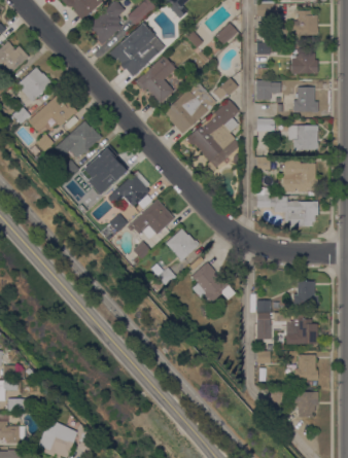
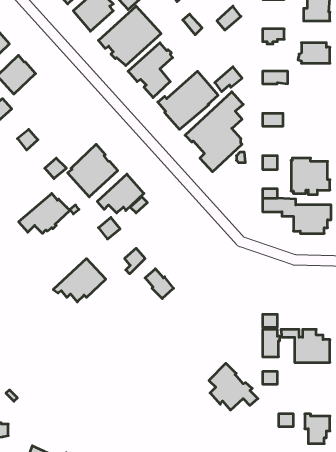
building: [294,86,318,112] -> none
building: [29,93,77,132] -> none
building: [56,121,102,157] -> [19,193,70,233]
building: [288,126,319,150] -> none
building: [128,200,175,239] -> [53,259,106,302]
building: [166,228,200,260] -> none
building: [192,261,236,304] -> [209,363,258,410]
building: [294,281,318,307] -> none
building: [294,354,319,381] -> none

